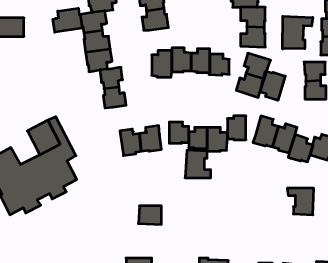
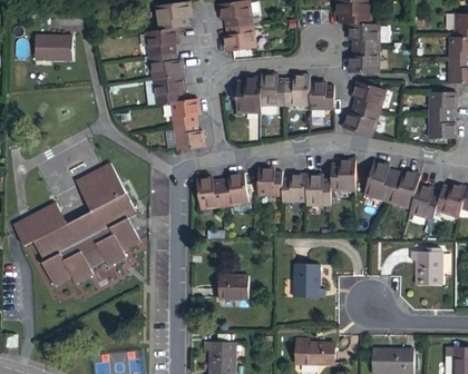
building: [53,8,82,32] -> none
building: [283,16,313,49] -> none
building: [260,71,285,100] -> none
building: [185,150,211,178] -> [290,267,322,302]

